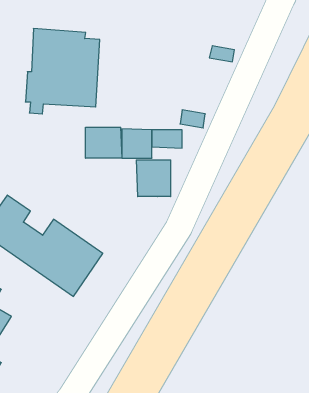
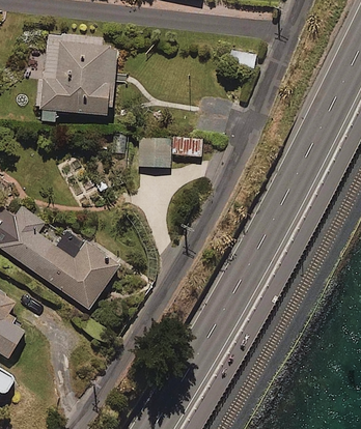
building: [86,127,122,158] -> none
building: [136,160,171,197] -> none

